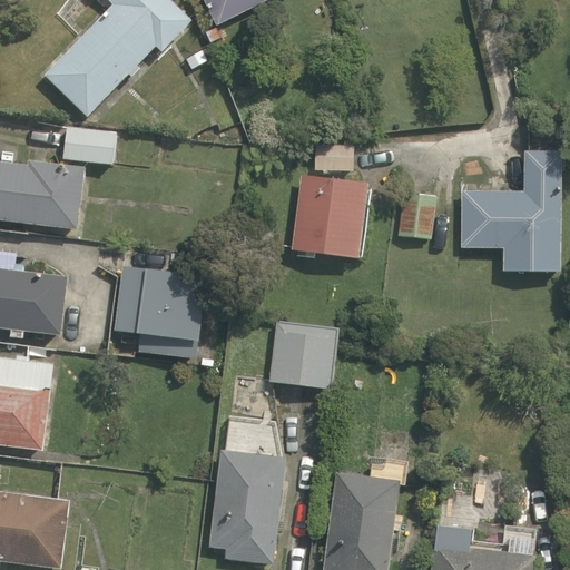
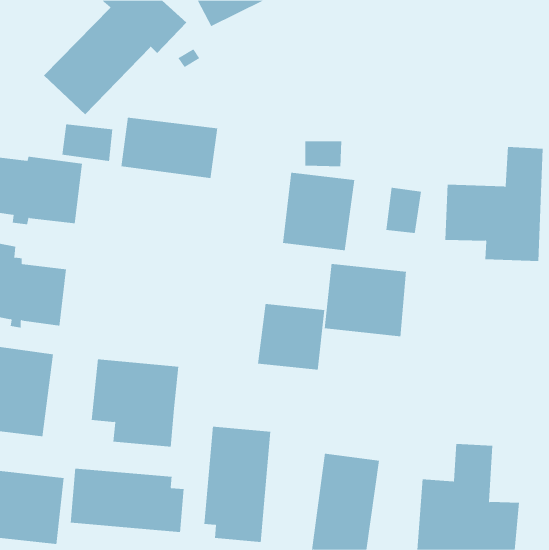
building: none -> [121,117,218,179]
building: [110,264,202,355] -> [91,359,179,447]
building: none -> [324,263,406,337]
building: none -> [70,468,184,533]

